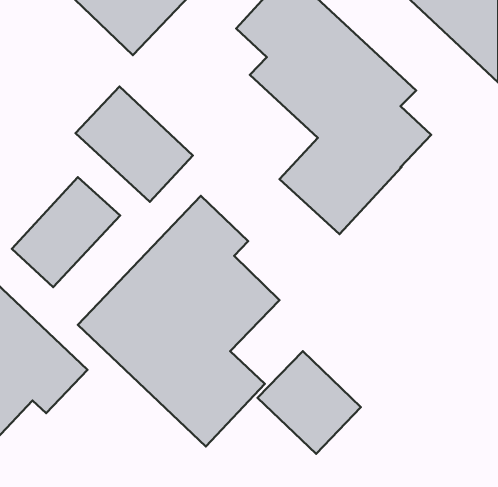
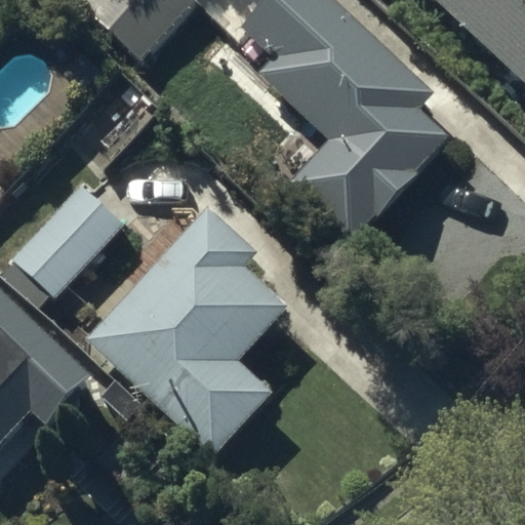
building: [75,87,193,202] -> none
building: [257,351,361,454] -> none

